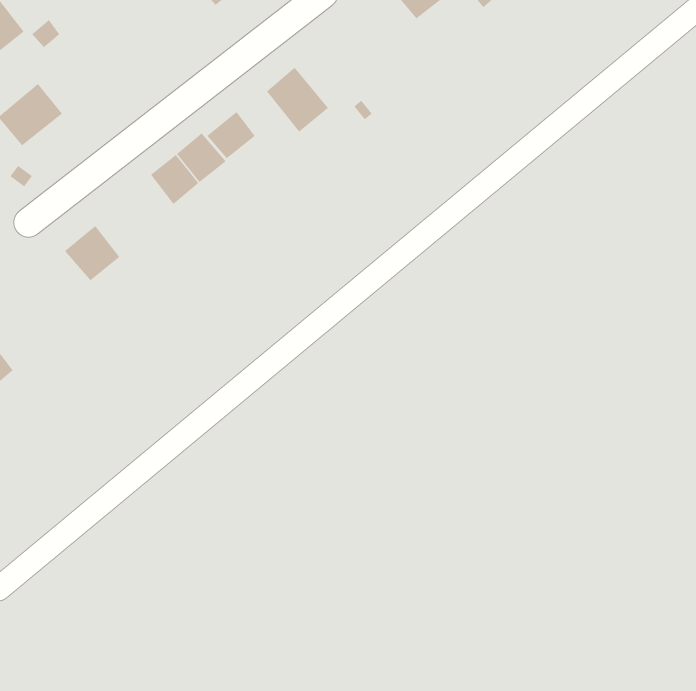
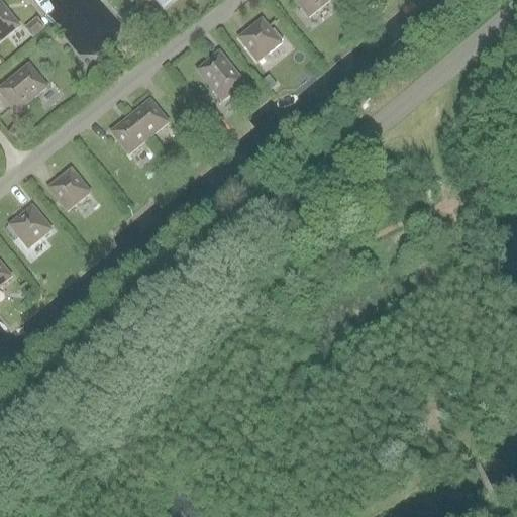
building: none -> [238,17,282,59]
building: [206,111,255,159] -> none
building: none -> [9,204,50,245]

